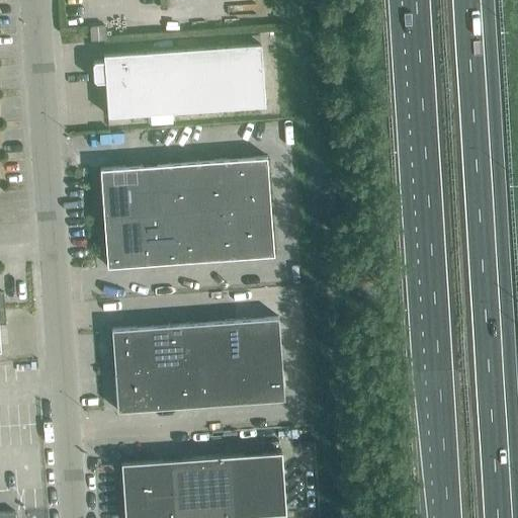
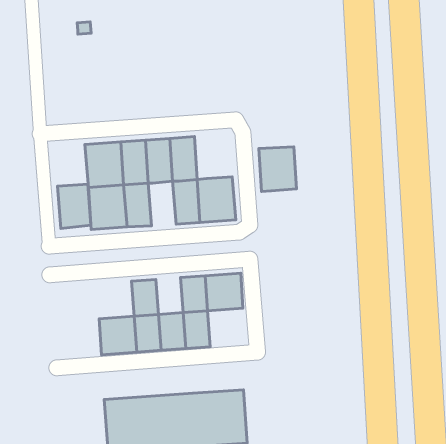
building: [94,47,266,119] -> none
building: [227,160,270,211] -> [259,147,297,192]
building: [173,213,205,265] -> none
building: none -> [58,184,91,229]
building: [182,325,213,367] -> none
building: [113,329,157,372] -> none
building: [242,360,285,405] -> none

